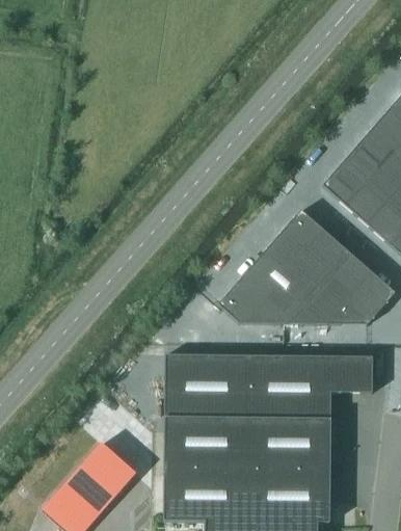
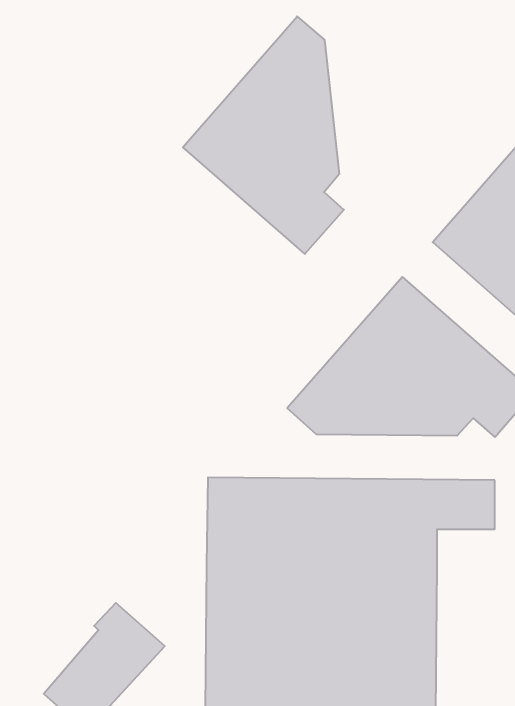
building: none -> [183,16,344,254]

